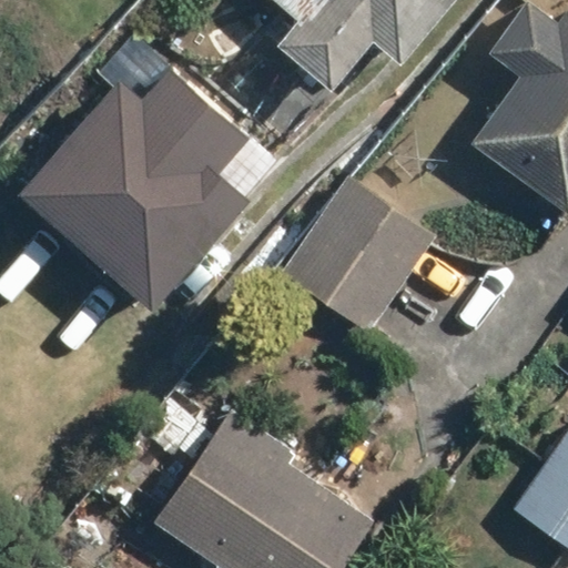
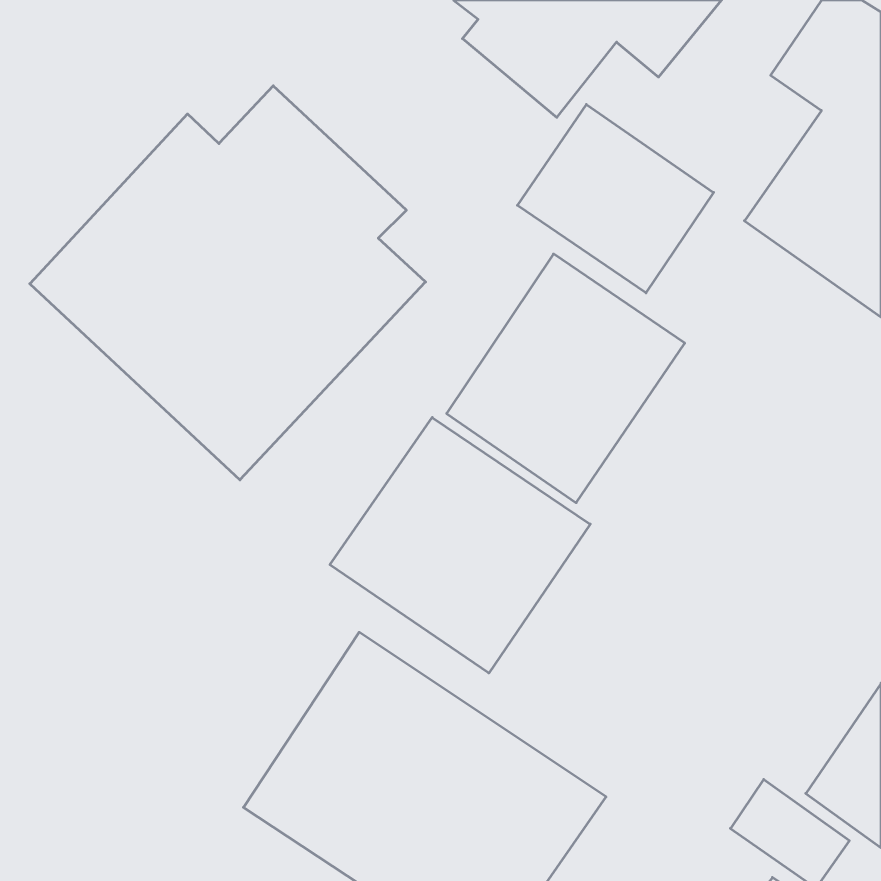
building: none -> [517,104,714,293]
building: none -> [330,417,590,673]

